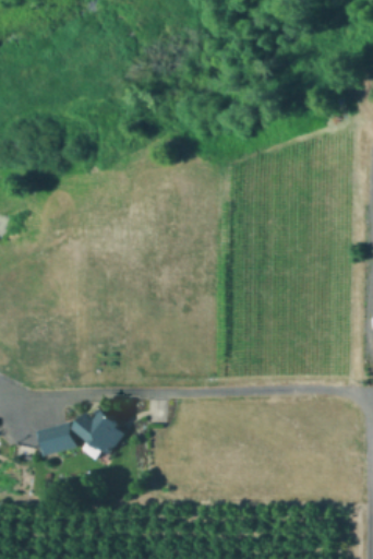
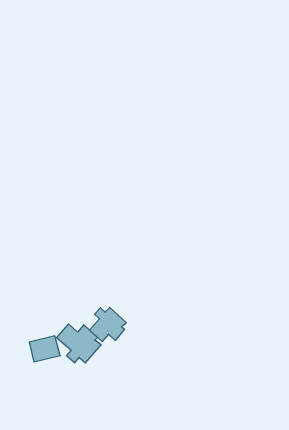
building: none -> [89,307,126,342]

